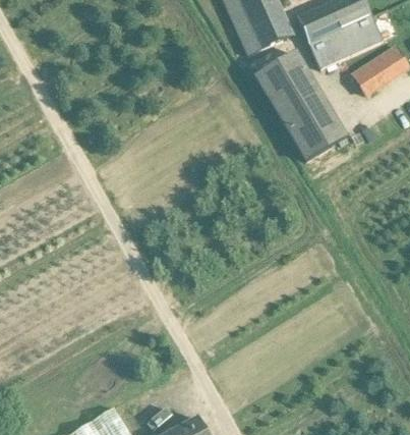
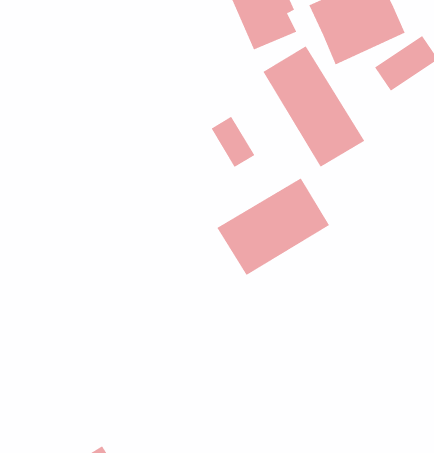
building: none -> [211,116,255,168]
building: none -> [217,177,330,276]

